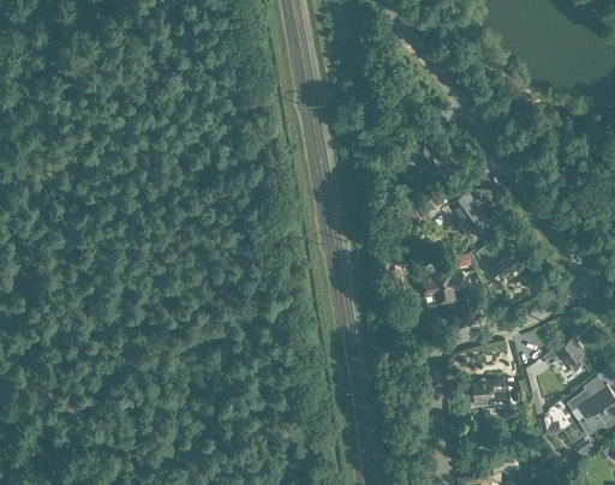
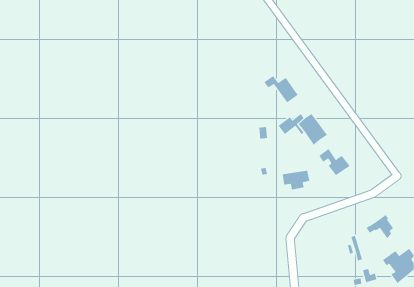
building: [472,379,514,407] -> none

